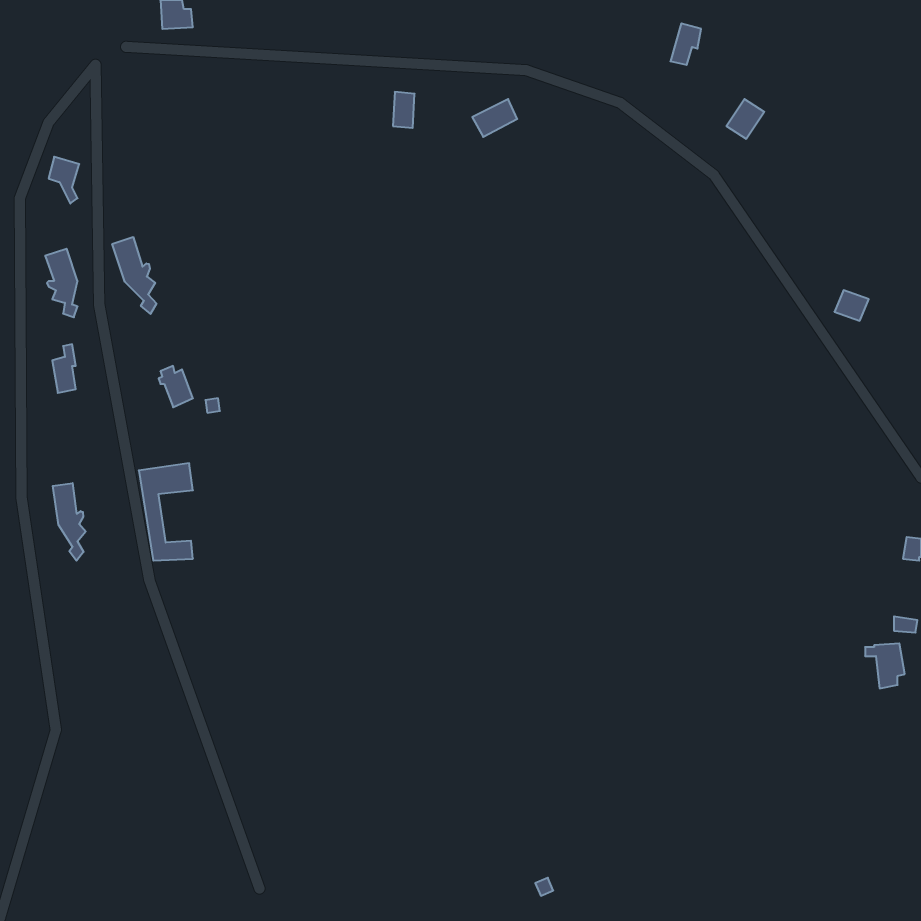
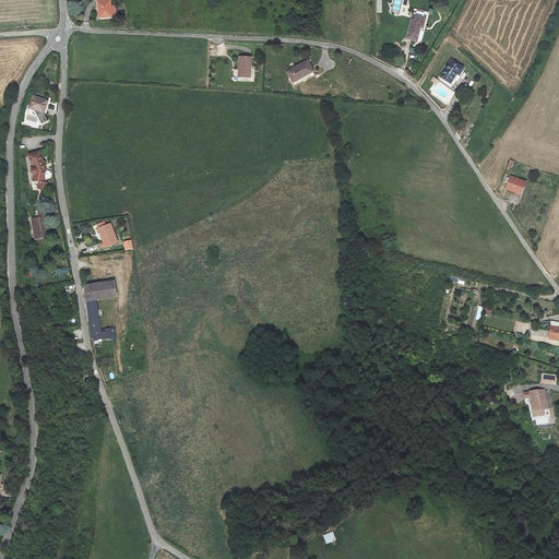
building: [112,237,156,314] -> none
building: [53,483,86,561] -> none

